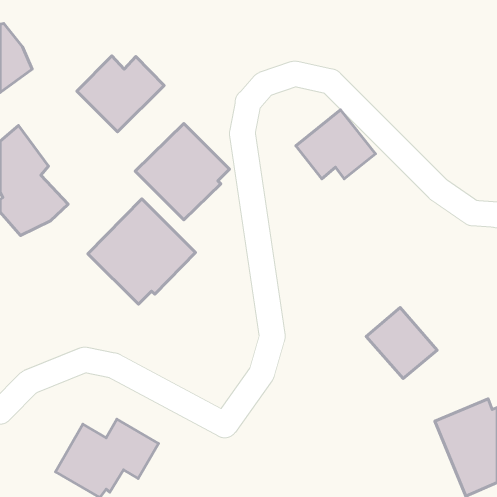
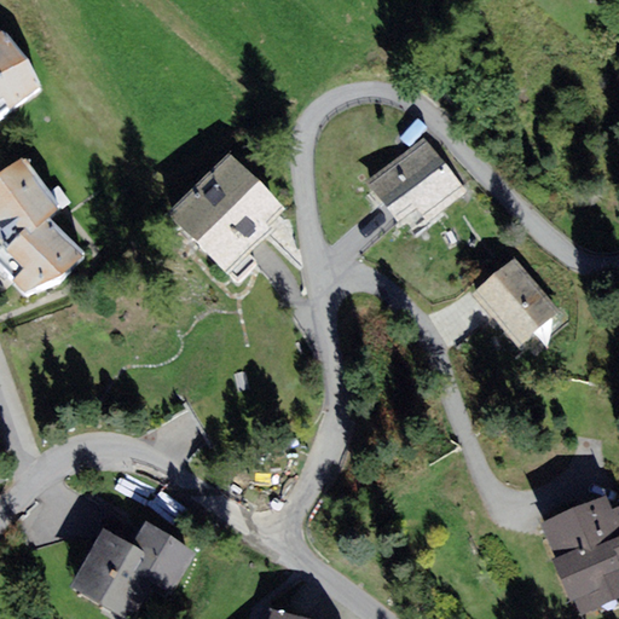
building: [77,56,164,132] -> none
building: [88,199,195,304] -> none
building: [366,307,437,378] -> [473,258,561,346]

